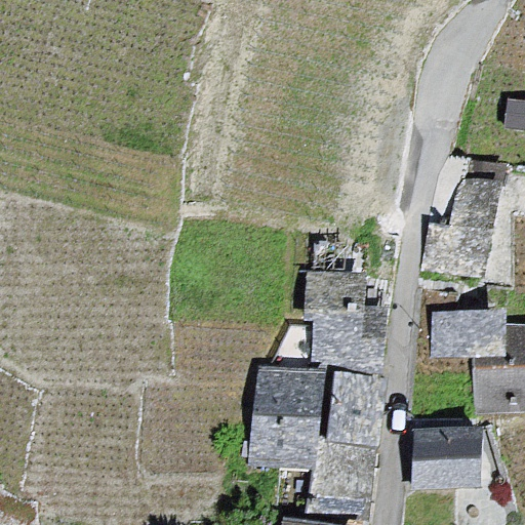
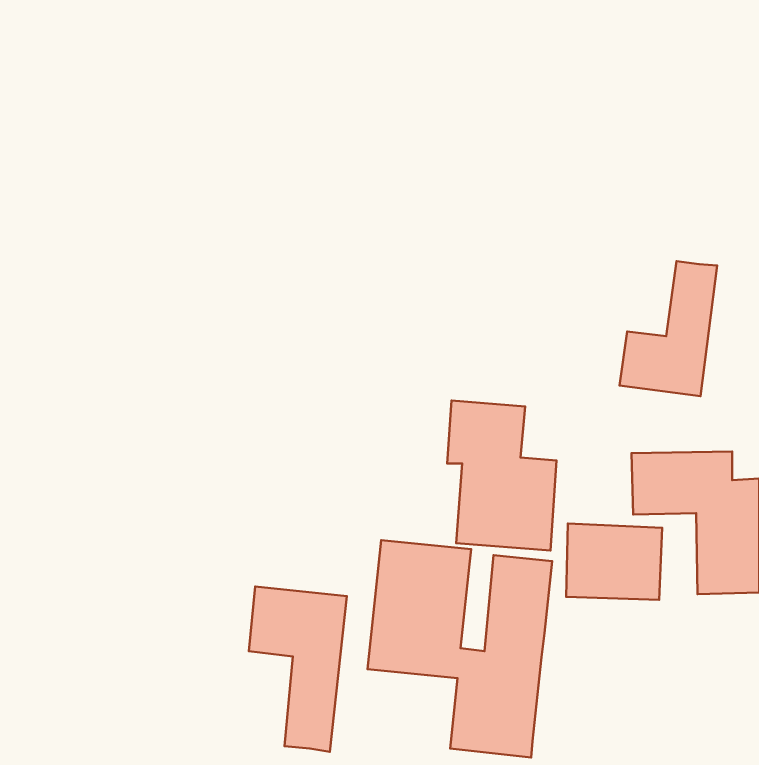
building: none -> [249,587,347,752]
building: [414,435,480,487] -> [566,523,662,600]

